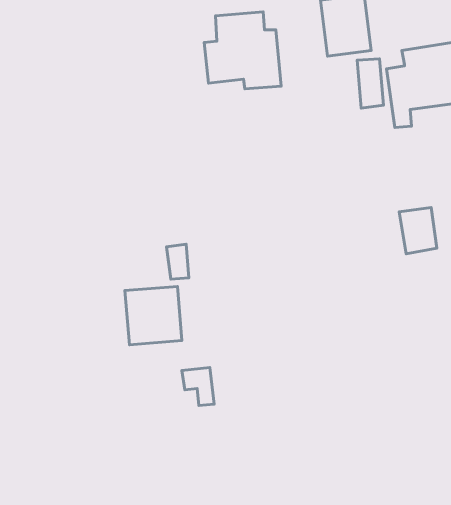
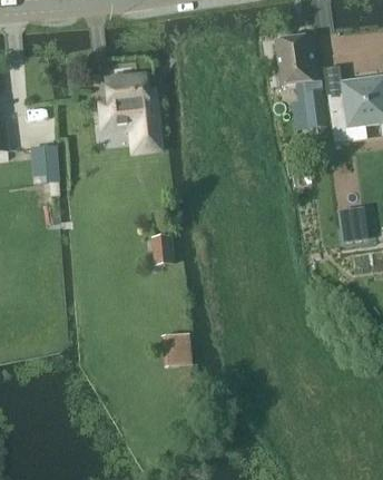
building: [204,12,281,89] -> [97,76,158,137]
building: none -> [38,144,60,183]
building: [125,286,182,345] -> none

